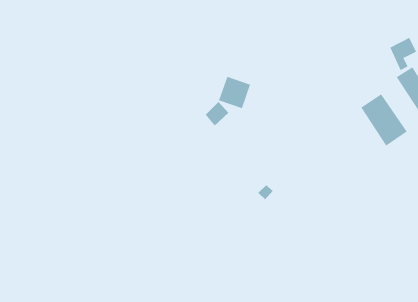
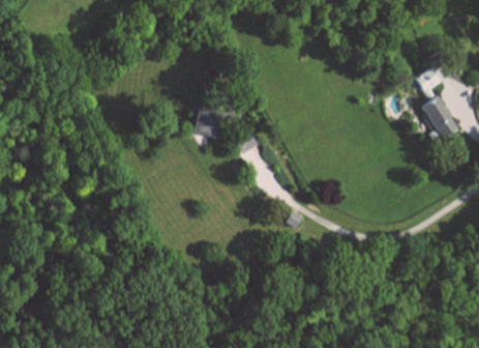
building: [218,76,251,109] -> [193,107,226,139]
building: [360,94,408,146] -> none

